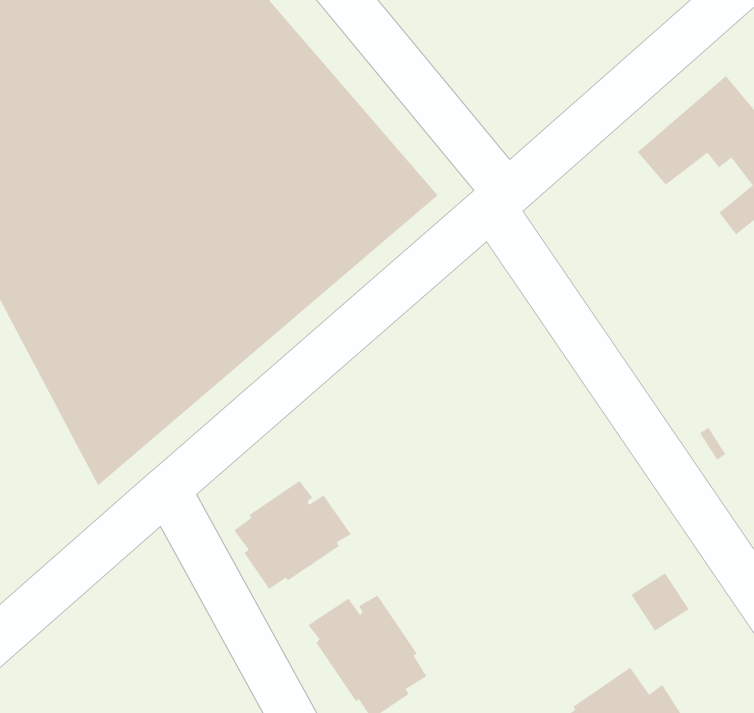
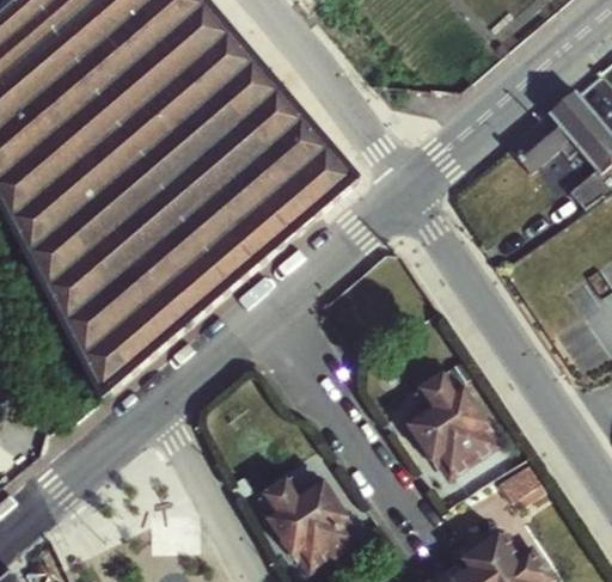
building: none -> [402,369,490,470]
building: [234,480,351,590] -> none

